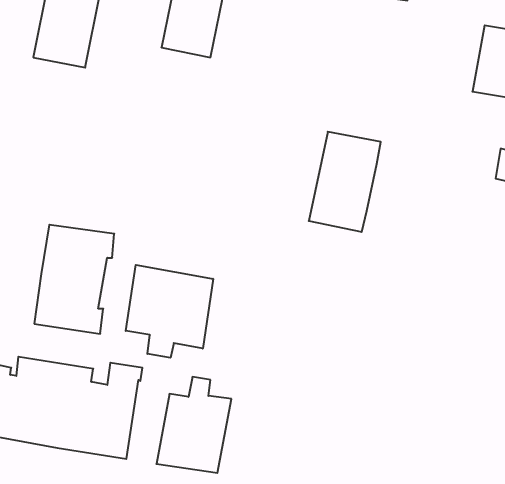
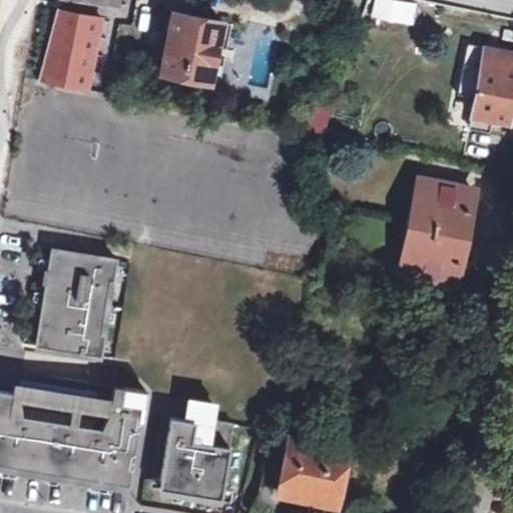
building: [309,132,381,232] -> [404,182,476,283]
building: [126,265,213,358] -> none
building: none -> [262,440,349,504]

